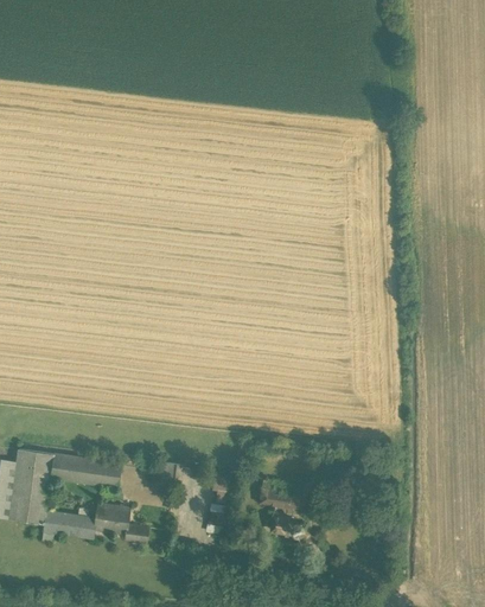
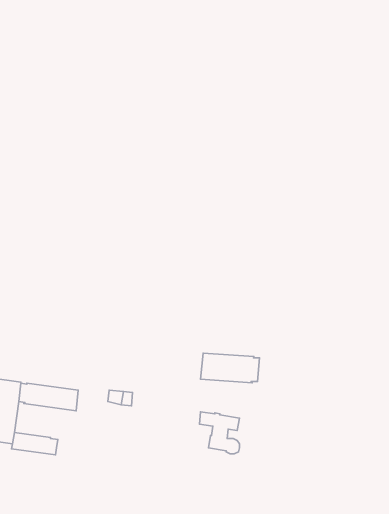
building: none -> [201,353,260,383]
building: [95,503,148,542] -> none

